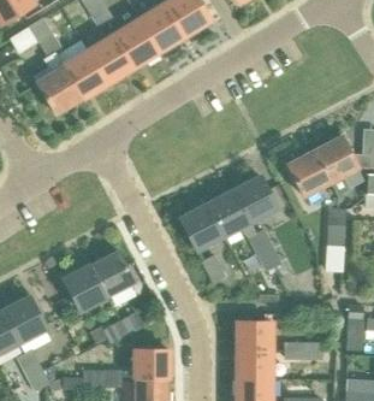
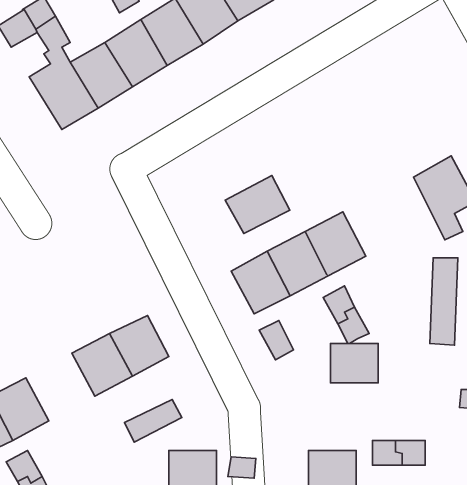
building: none -> [225,175,290,233]
building: [286,149,331,197] -> none
building: [237,320,272,349] -> [331,343,378,383]

